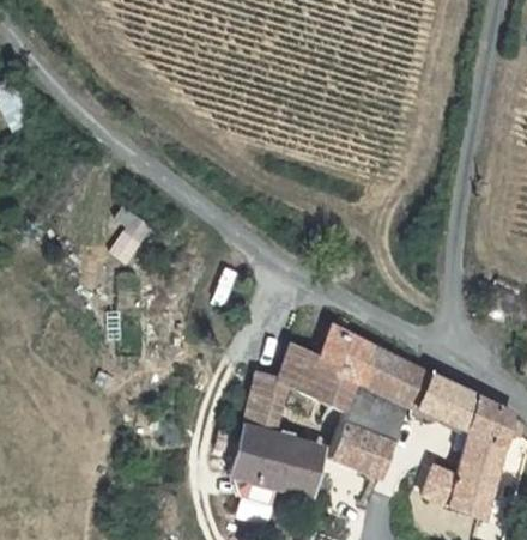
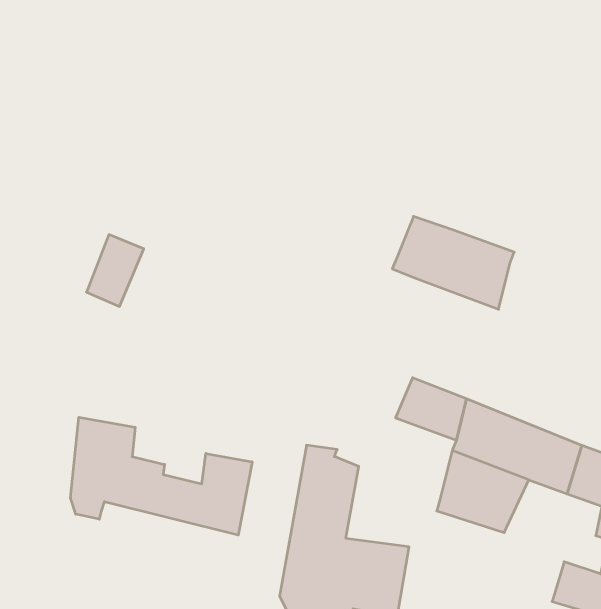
building: none -> [71,417,252,535]
building: [277,342,364,413] -> [392,216,514,309]
building: [333,423,393,477] -> none

